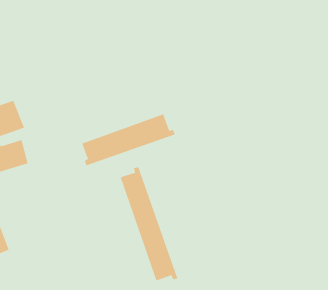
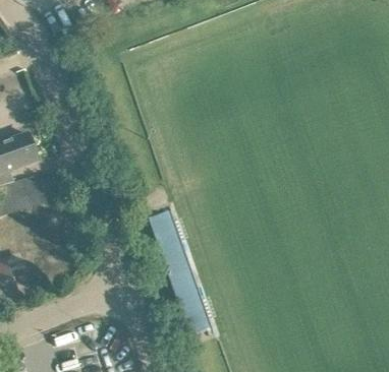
building: [81,113,175,166] -> none

